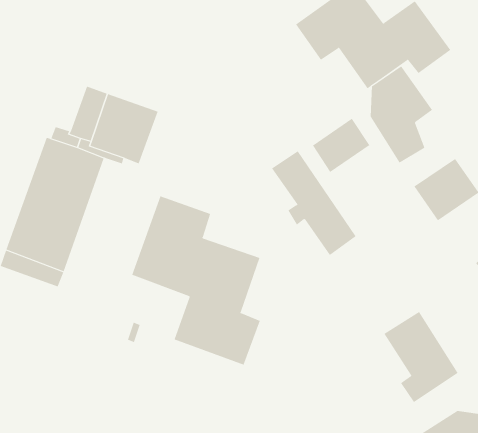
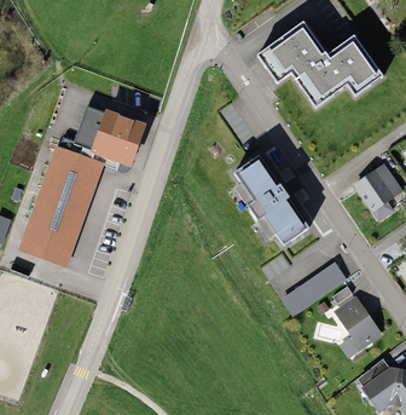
building: [370,66,433,163] -> none
building: [312,118,370,173] -> none
building: [131,195,260,365] -> none
building: none -> [282,261,347,316]

